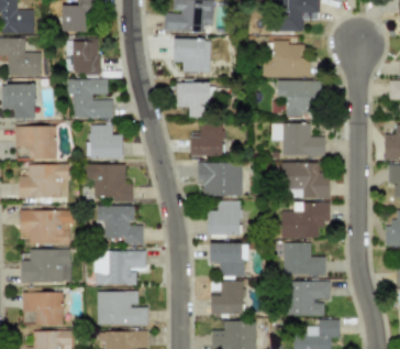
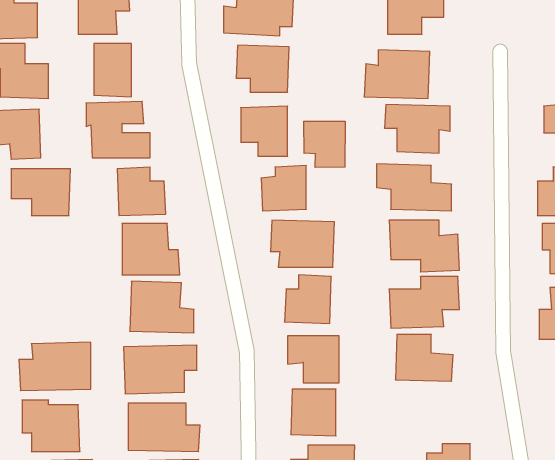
building: none -> [304,121,345,167]
building: [20,165,69,199] -> none
building: [21,211,73,246] -> none
building: [289,282,331,316] -> none

